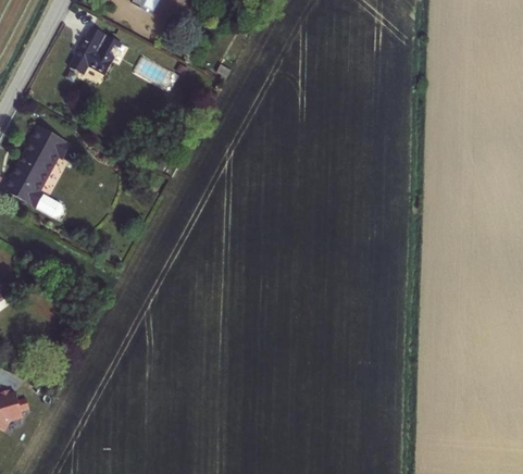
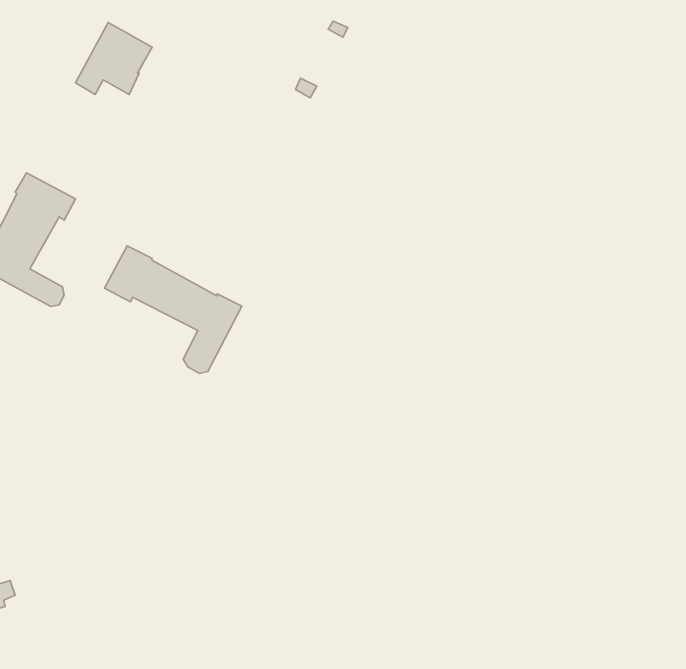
building: none -> [105,246,242,373]

